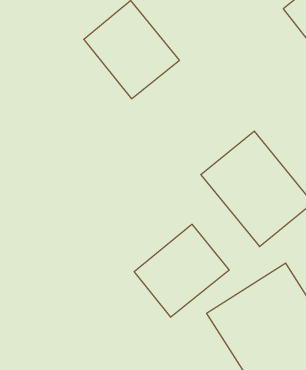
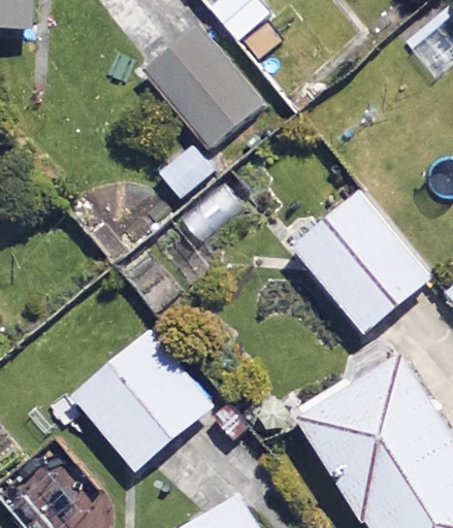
building: [134,224,229,317] -> none
building: none -> [71,330,213,471]

